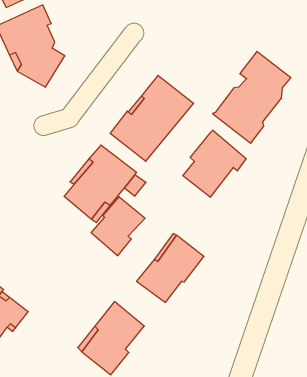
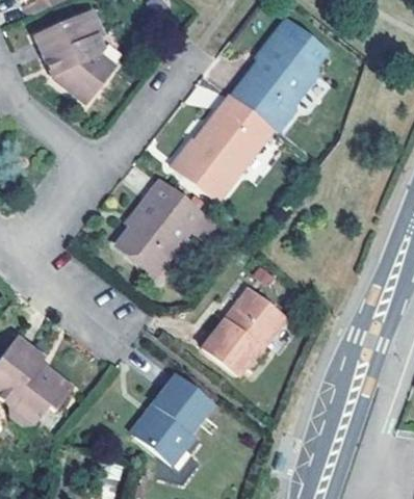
building: [213,51,291,143] -> [229,20,325,132]
building: [183,130,246,197] -> none
building: [91,197,145,256] -> none

